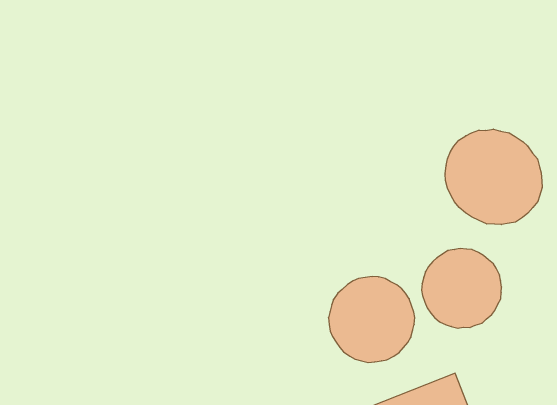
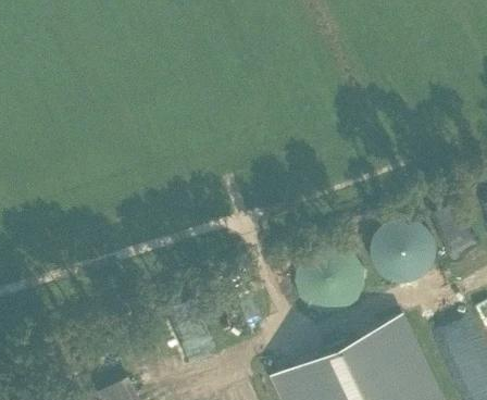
building: [445,129,542,225] -> none

